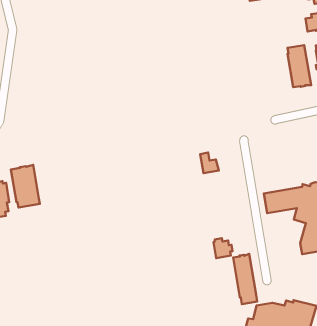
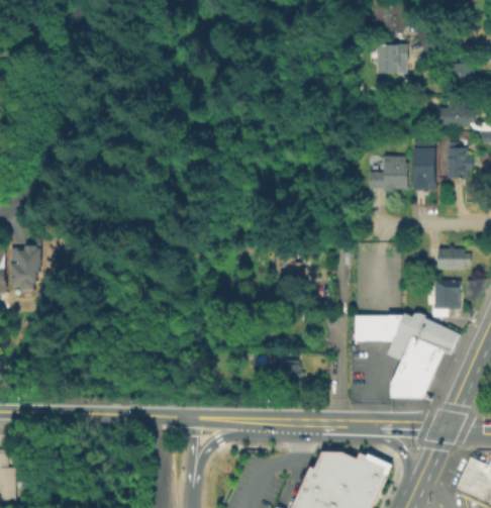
building: none -> [370,158,409,193]
building: [11,165,40,208] -> none
building: [233,254,257,304] -> none

